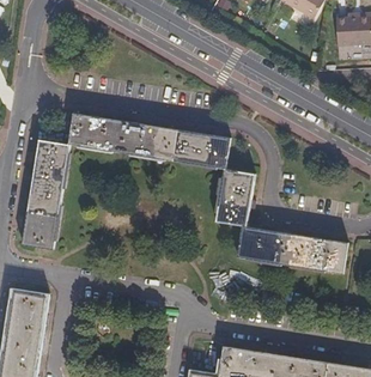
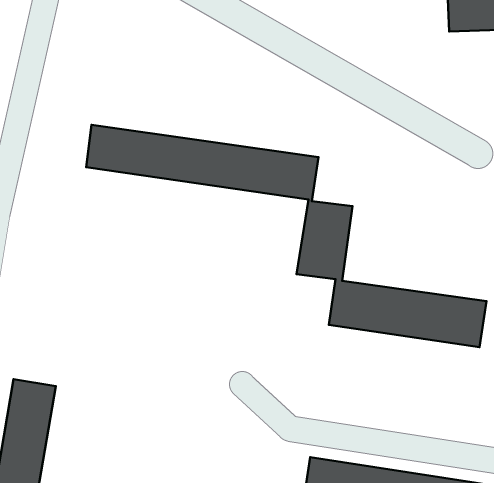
building: [25,138,69,248] -> none

